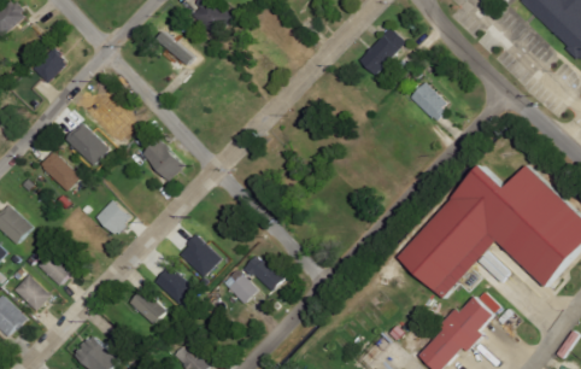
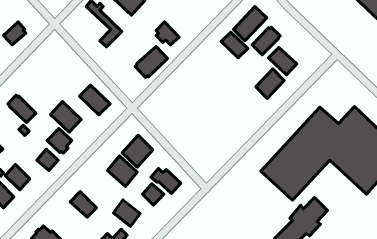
building: none -> [252,27,280,55]
building: none -> [221,32,248,58]
building: none -> [135,46,168,77]
building: none -> [256,69,284,98]
building: [69,125,112,169] -> [51,102,81,132]
building: none -> [122,135,153,167]
building: [157,269,194,306] -> [114,200,140,226]

